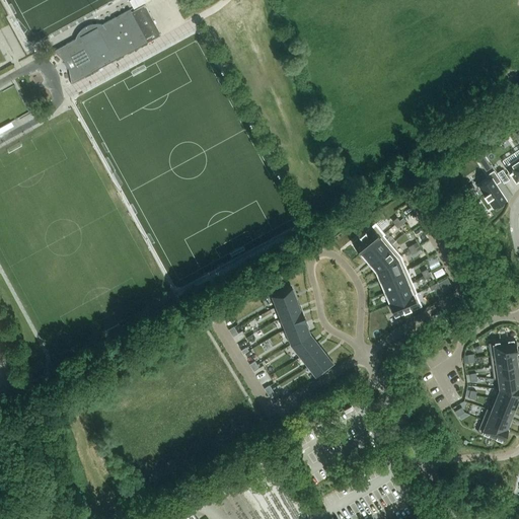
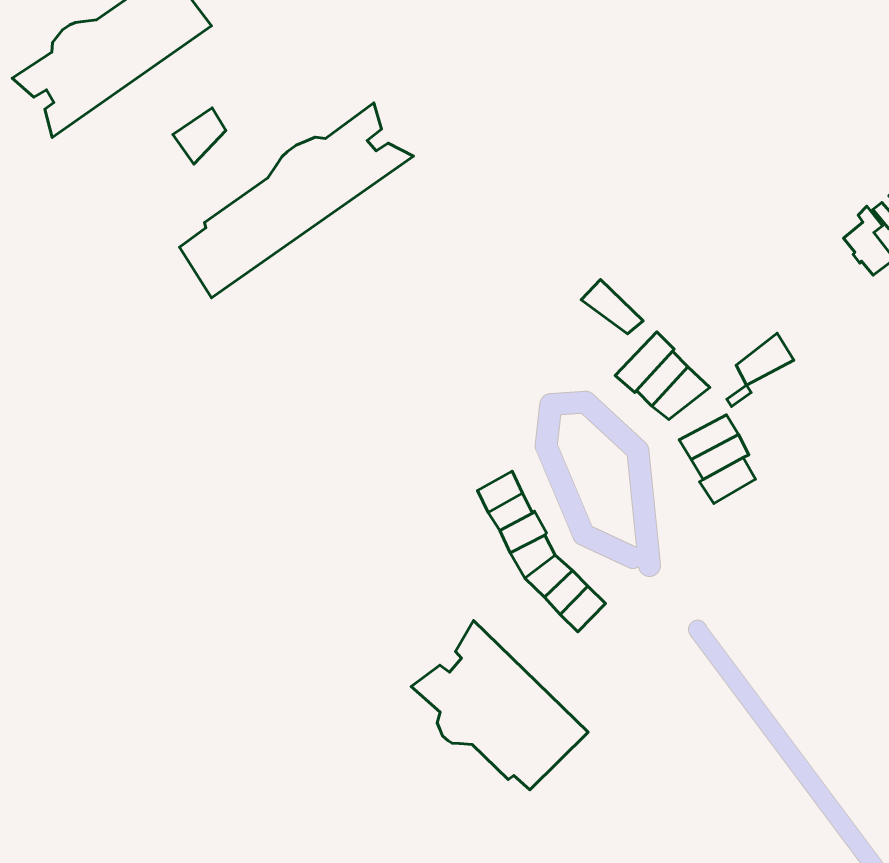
building: none -> [173,108,226,164]
building: none -> [179,103,413,298]
building: none -> [581,280,643,334]
building: [377,256,407,282] -> [736,333,794,385]
building: none -> [411,621,588,790]

